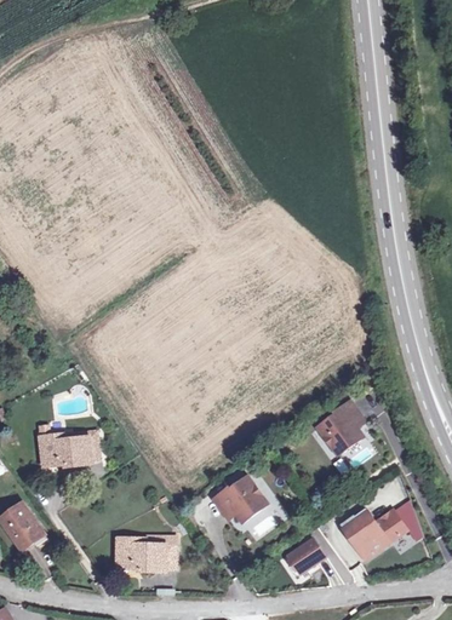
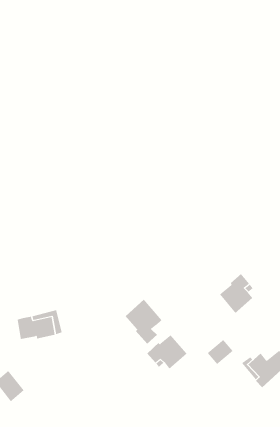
building: none -> [125,299,162,345]
building: [118,538,176,570] -> none
building: [291,538,327,572] -> [207,339,234,365]

